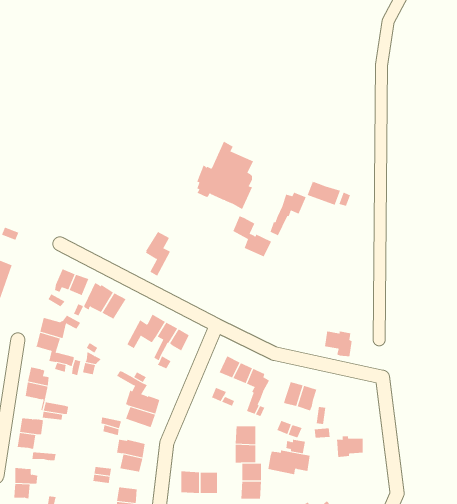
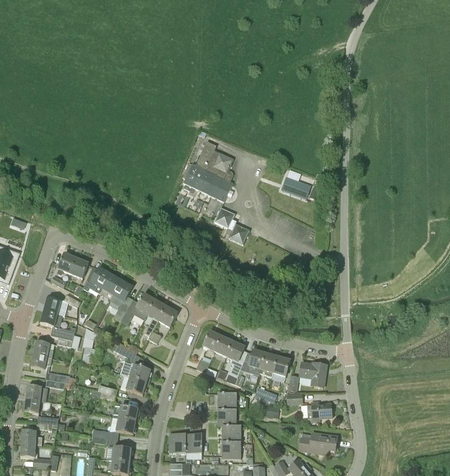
building: [270,192,306,236] -> none
building: [145,231,171,276] -> [110,281,133,321]
building: [324,331,352,357] -> [300,363,325,386]
building: none -> [240,350,266,376]
building: [268,450,311,475] -> [299,432,337,454]

